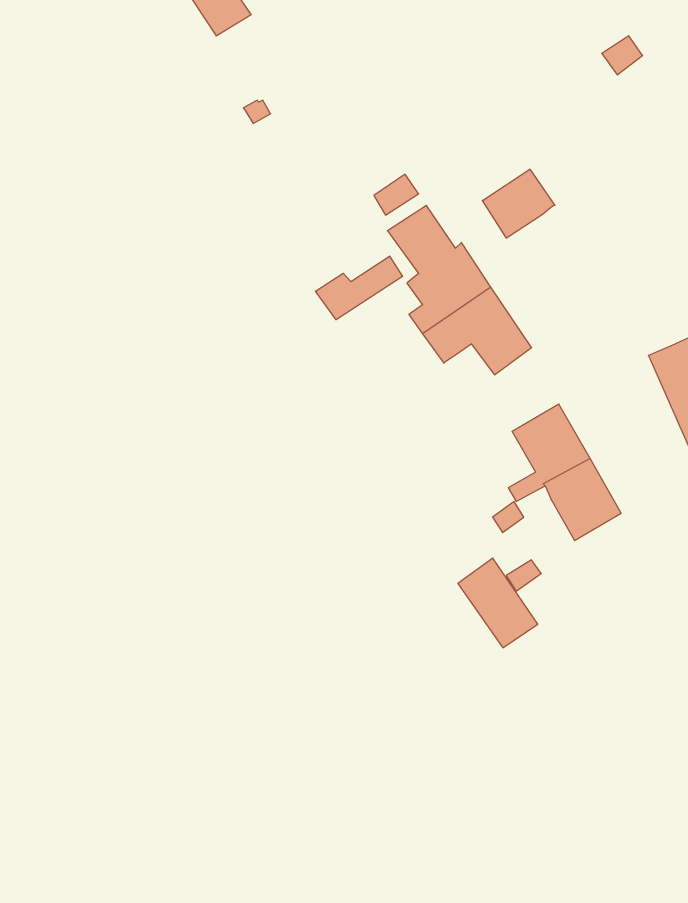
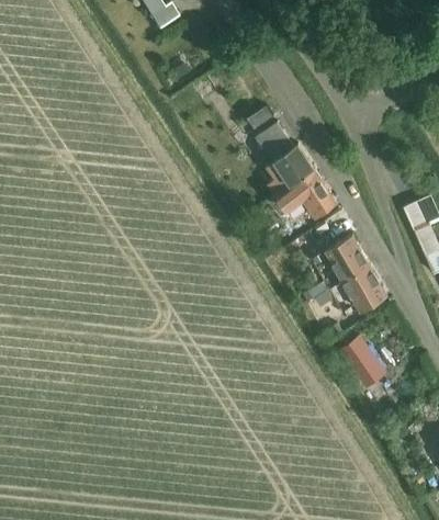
building: [482,169,555,238] -> none
building: [316,256,402,320] -> none
building: [458,558,538,648] -> [340,334,385,384]

